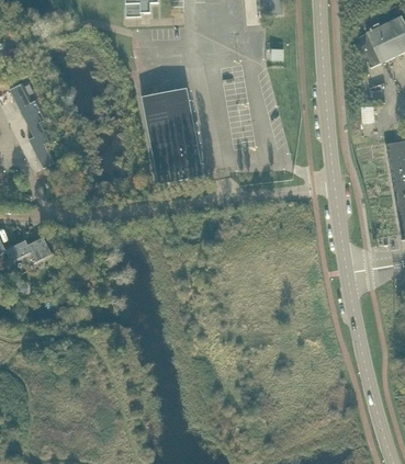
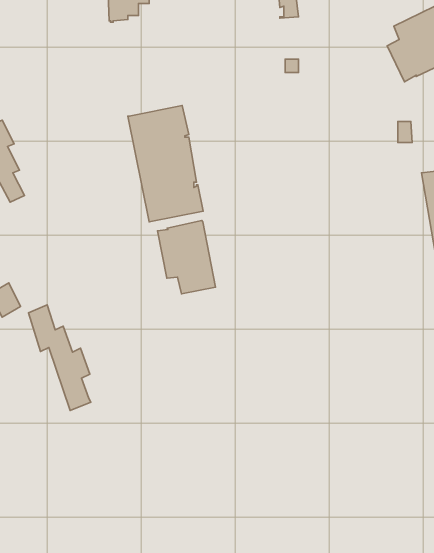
building: none -> [157,221,216,294]
building: none -> [29,305,91,410]

